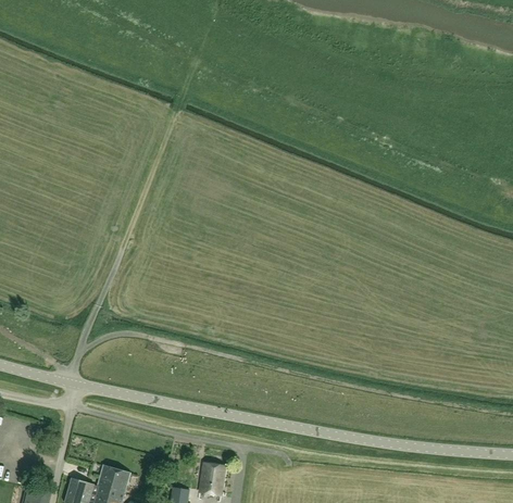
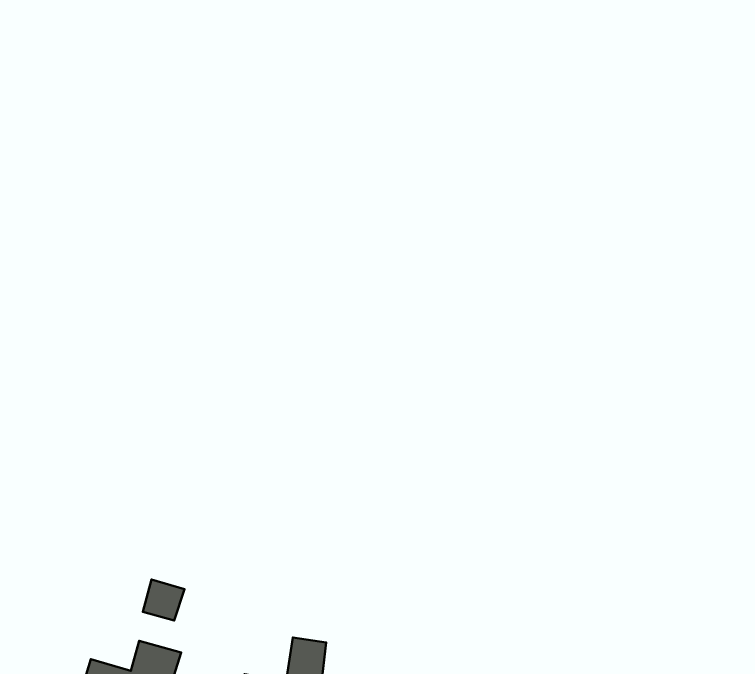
building: none -> [143,580,184,621]

